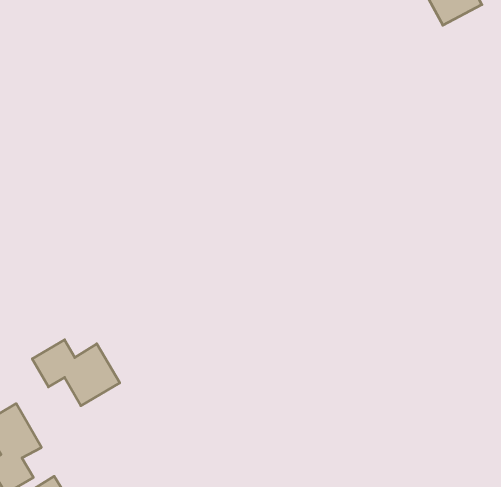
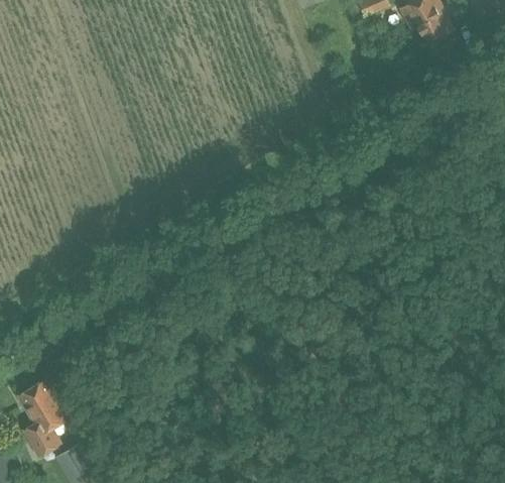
building: [32,340,120,406] -> none

